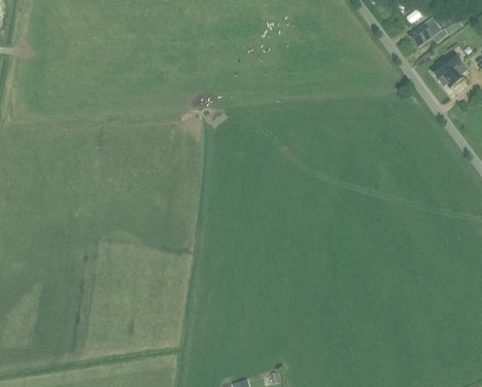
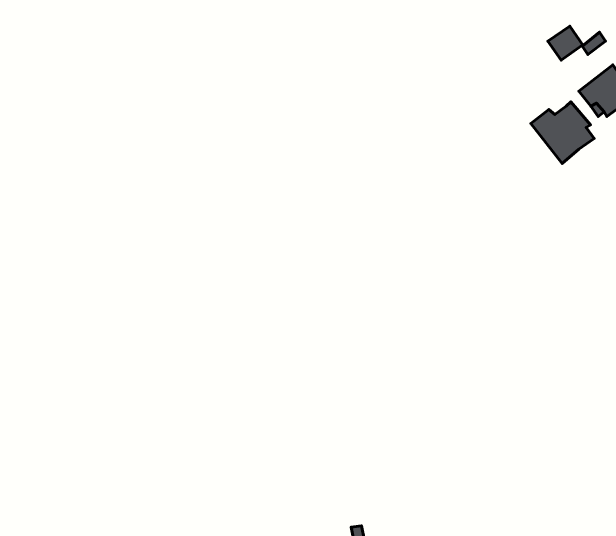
building: none -> [531,102,594,164]

